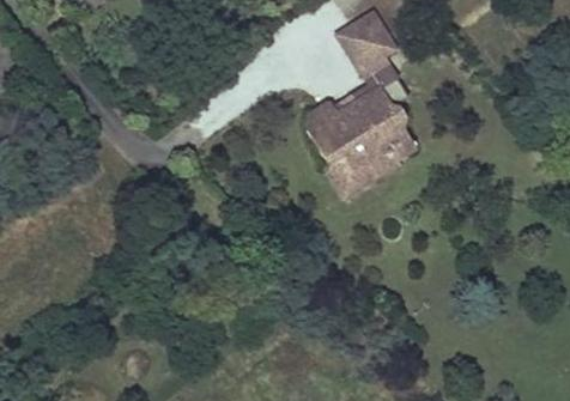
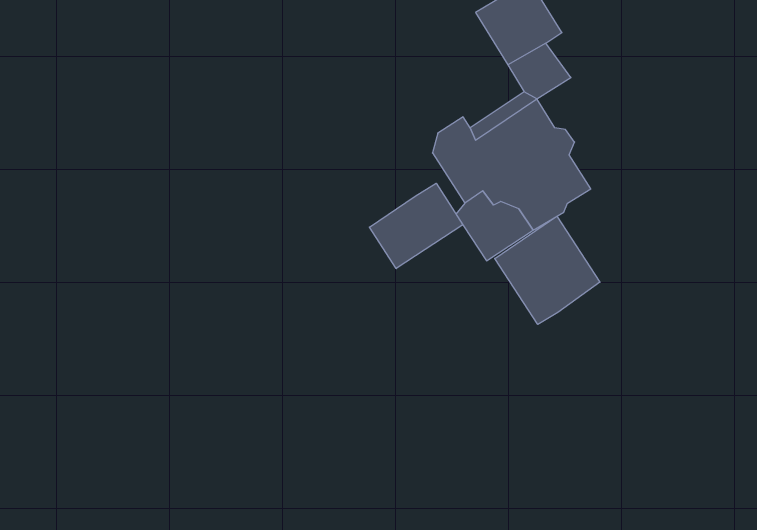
building: none -> [369,183,463,269]
building: none -> [495,216,600,324]

